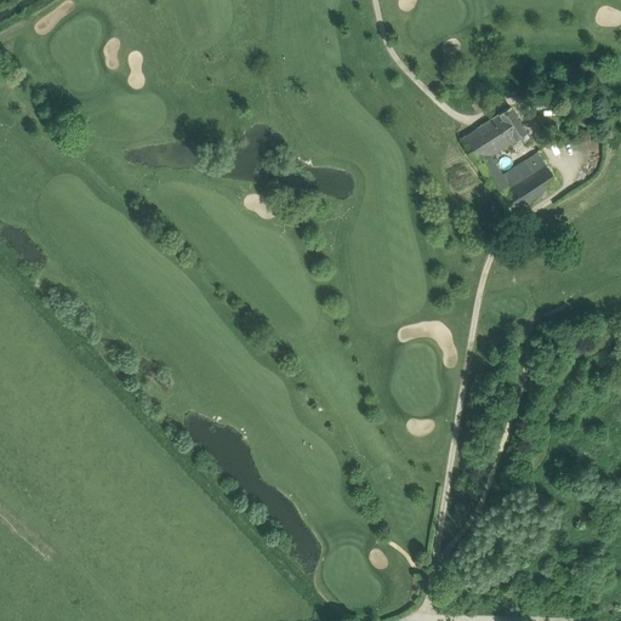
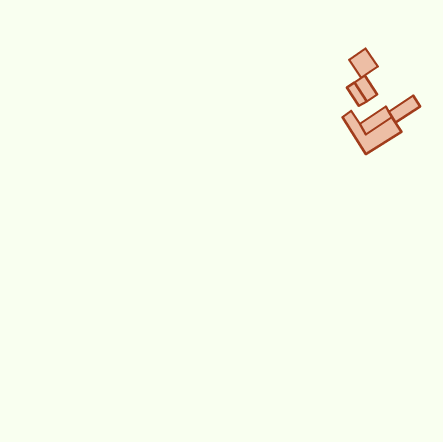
building: [462,123,502,164] -> [349,48,378,78]
building: none -> [389,95,420,123]

